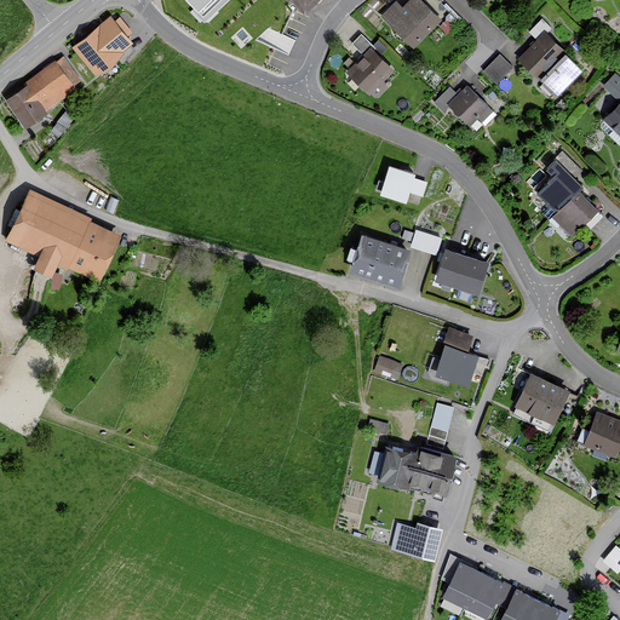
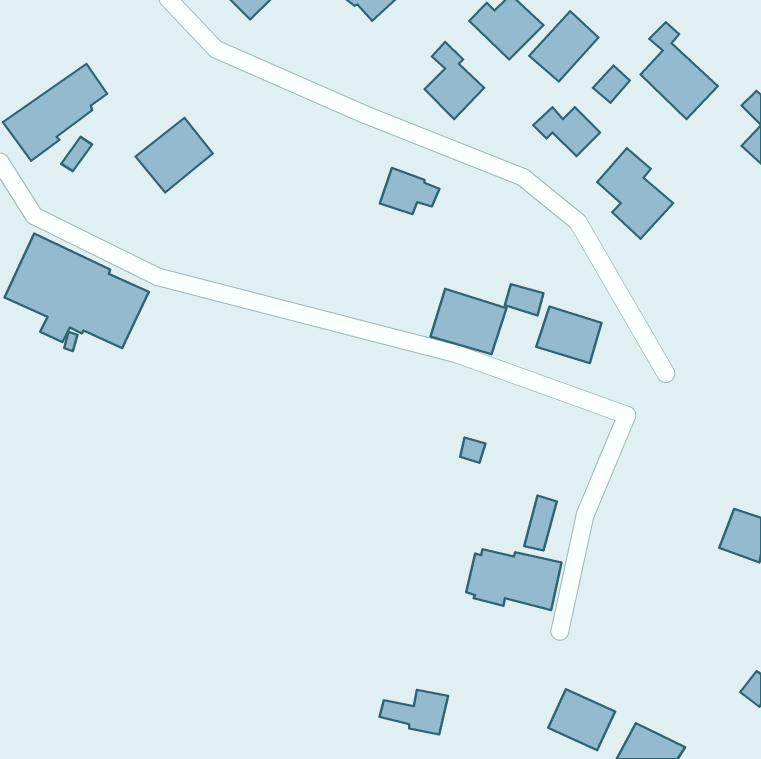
building: none -> [529,11,599,81]
building: [71,11,134,71] -> [135,118,213,192]
building: [379,166,427,203] -> [380,168,439,214]
building: [538,167,599,241] -> [597,148,673,239]
building: [434,328,478,384] -> none
building: [515,375,569,426] -> none
building: [386,526,442,562] -> [380,690,448,735]

